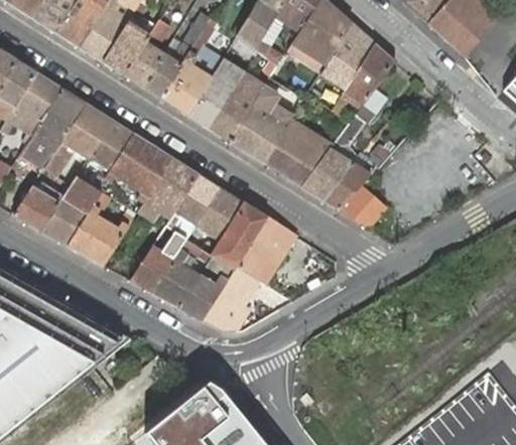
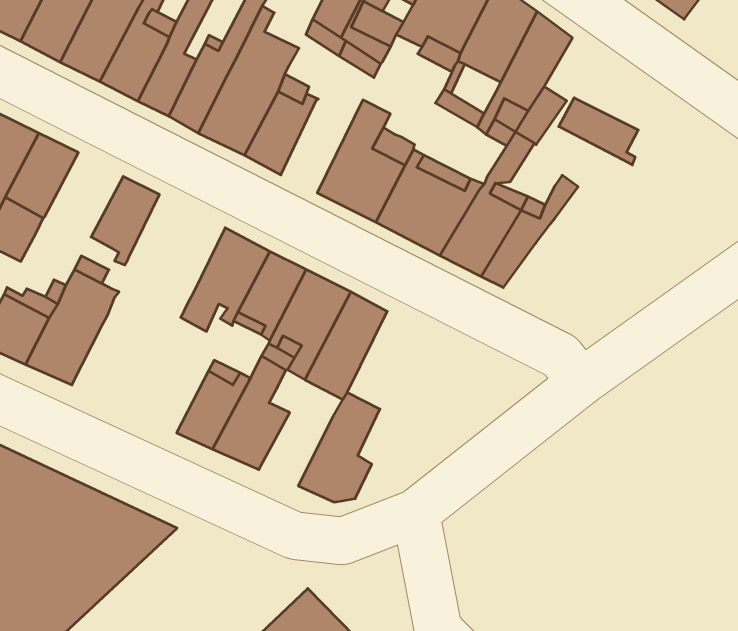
building: [209,76,263,141] -> none
building: none -> [559,98,638,165]
building: [44,103,112,174] -> none
building: [106,133,171,201] -> none
building: [339,184,387,228] -> none
building: [69,193,137,265] -> none
building: [237,217,298,277] -> none
building: [178,274,227,319] -> none

